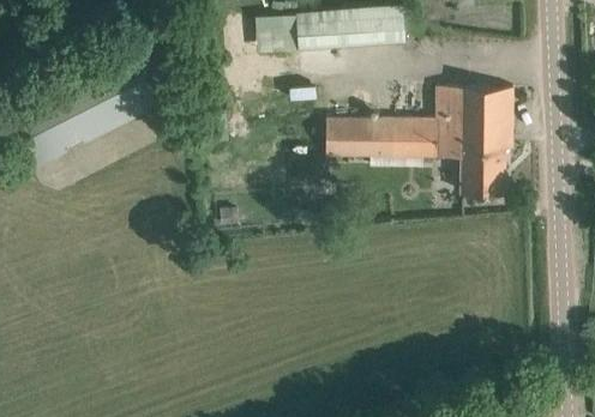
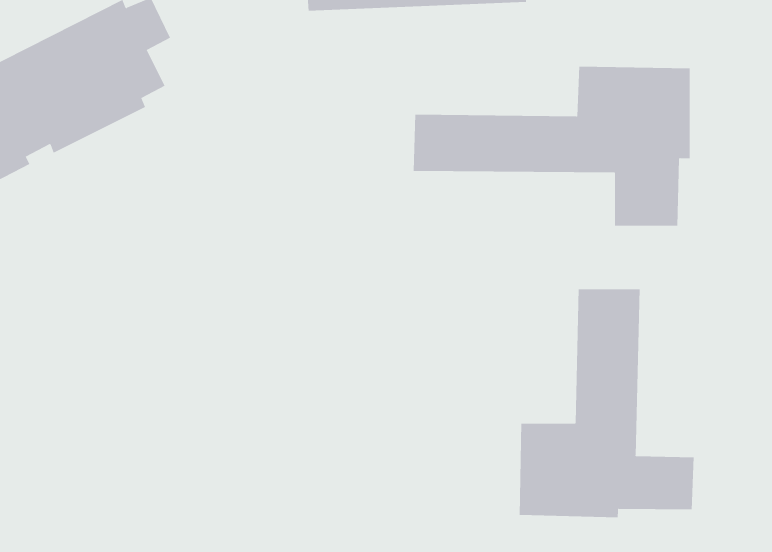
building: none -> [519,289,694,518]

